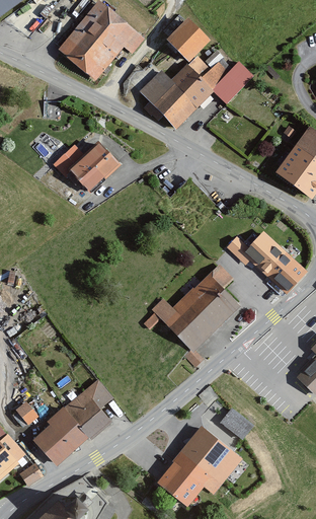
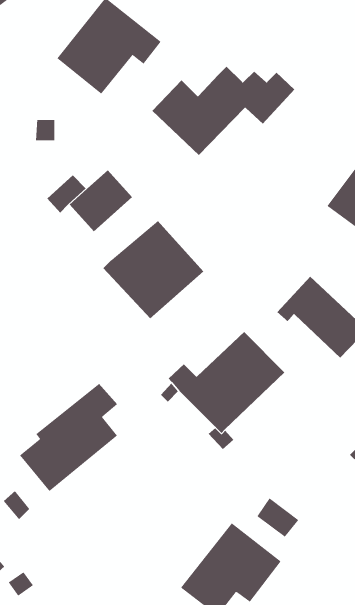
building: [166,19,211,64] -> none
building: none -> [102,220,204,319]
building: [31,379,111,467] -> [19,383,118,492]

